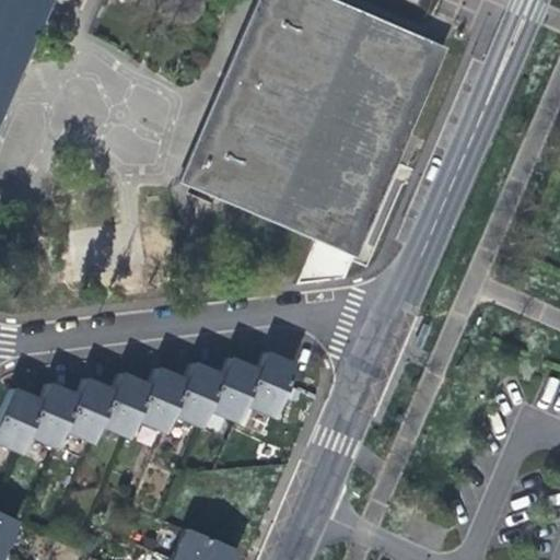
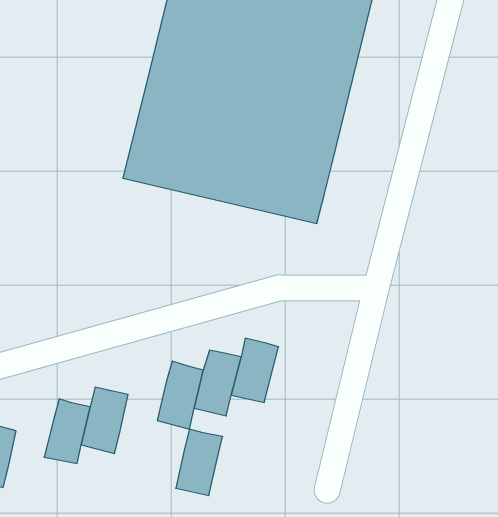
building: [138,368,189,432] -> [176,429,223,496]
building: [30,383,80,446] -> none

